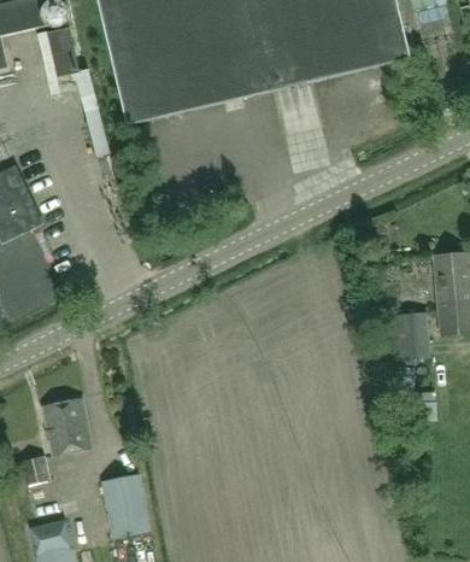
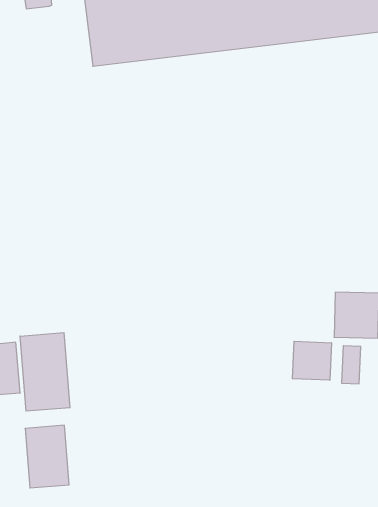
building: none -> [292,341,331,380]
building: none -> [20,333,70,411]

